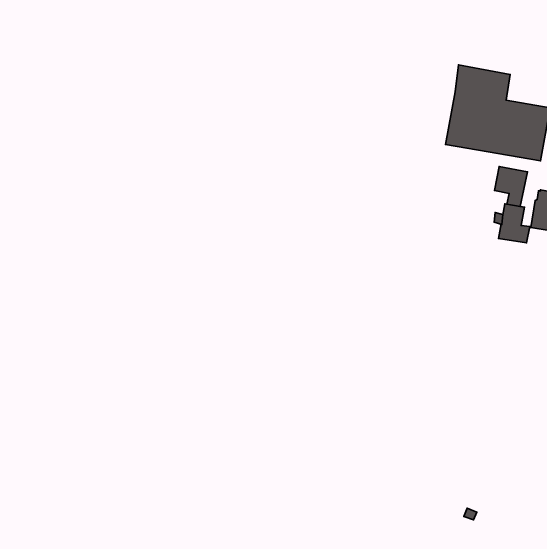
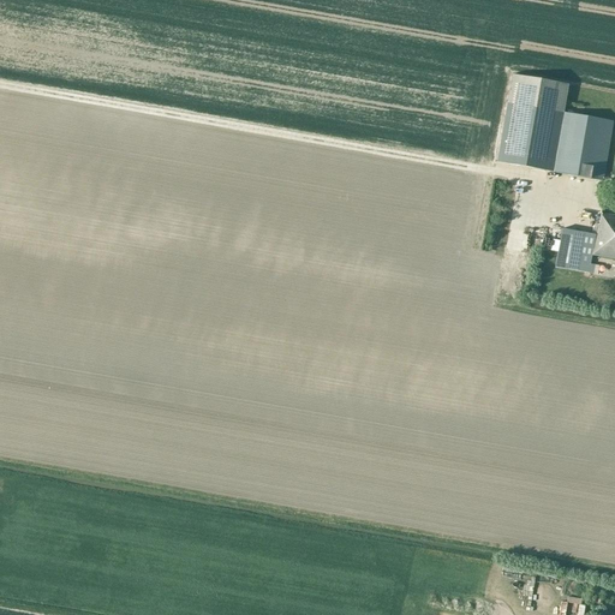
building: [494,167,527,206] -> none

